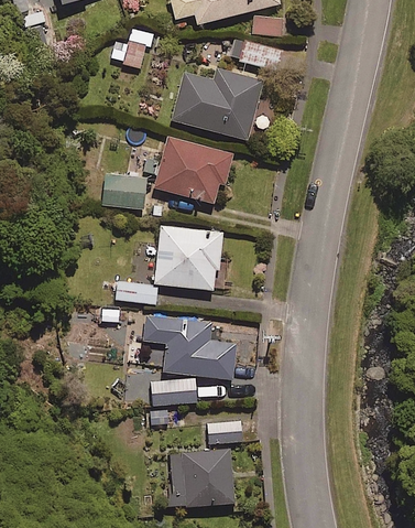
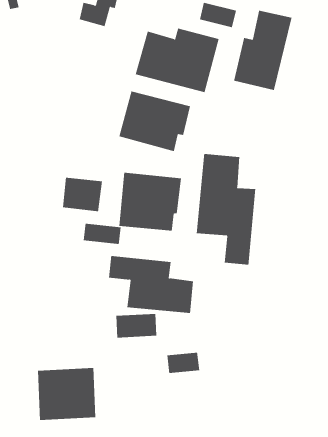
building: none -> [233,10,292,91]
building: [102,172,146,209] -> [62,177,103,212]
building: none -> [196,153,256,266]
building: [170,450,233,507] -> [37,368,96,420]

